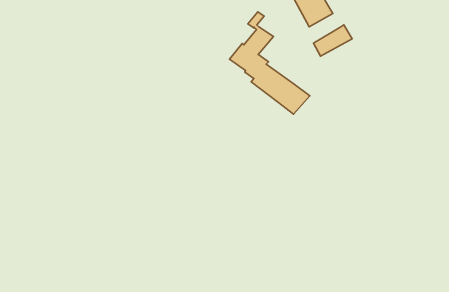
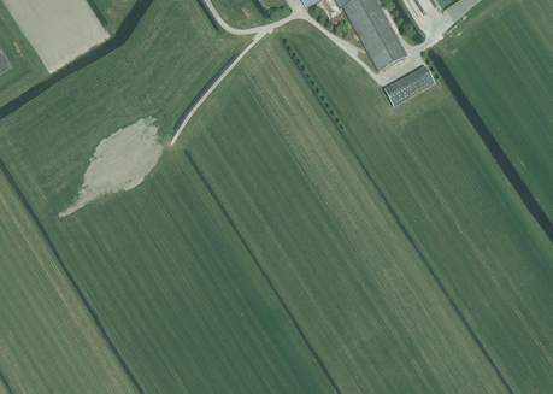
building: [230,12,310,114] -> none

